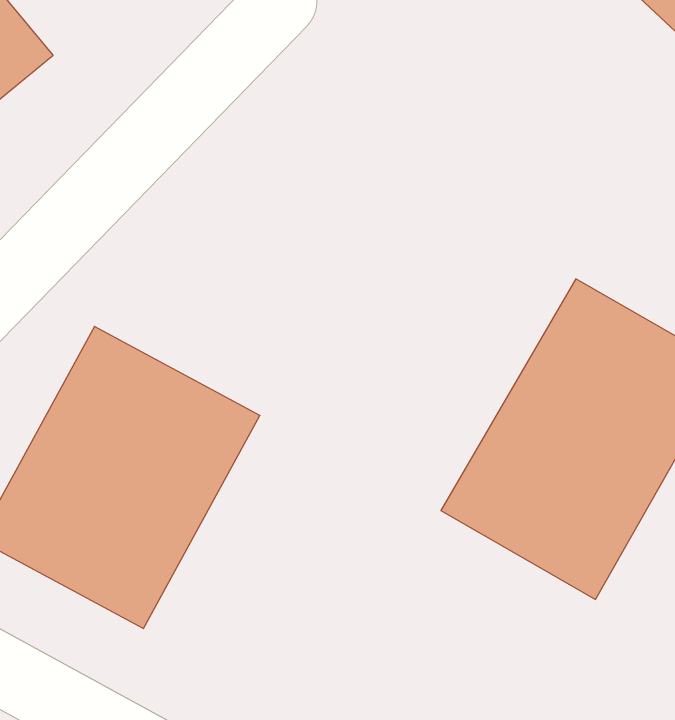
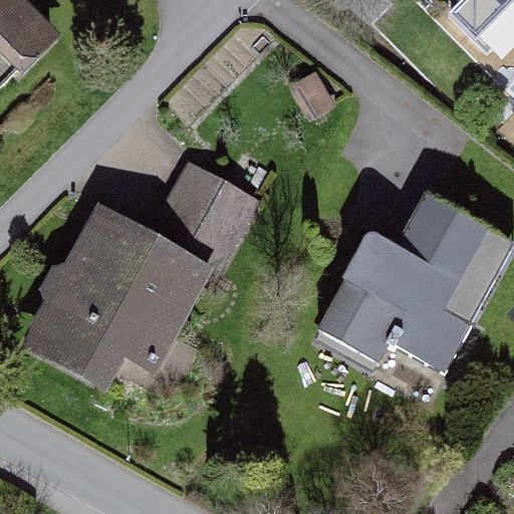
building: none -> [153,170,258,274]

